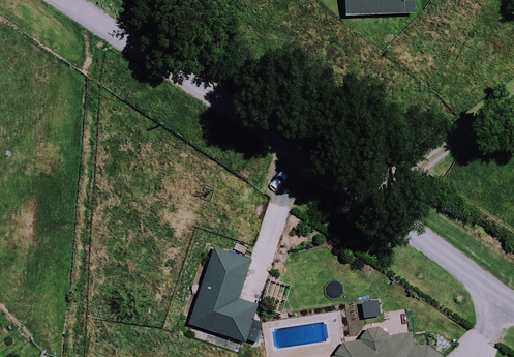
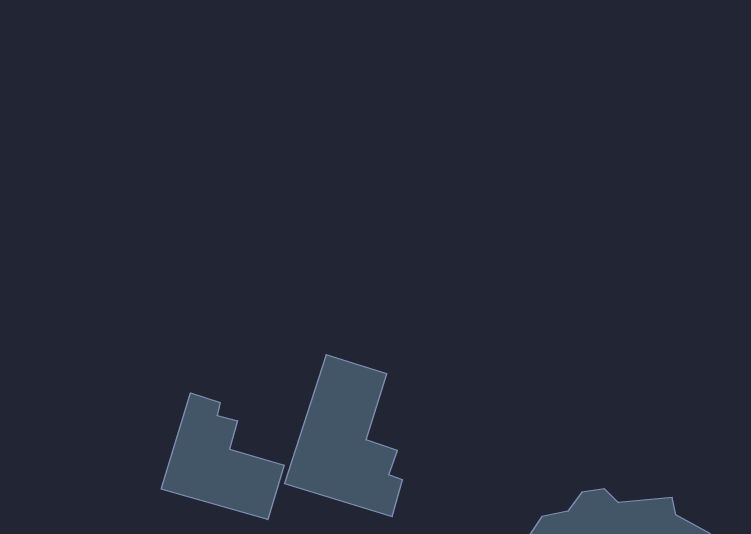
building: none -> [161,393,284,520]

